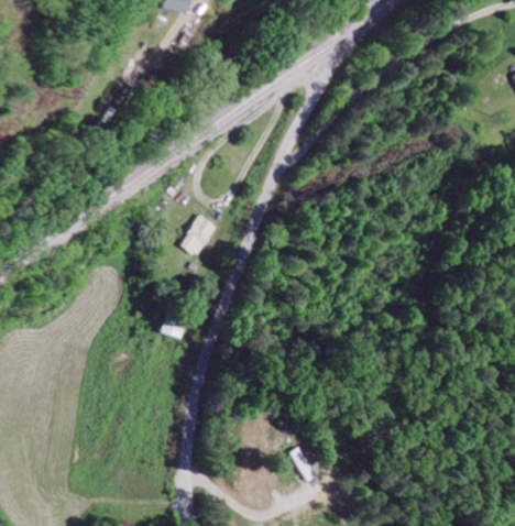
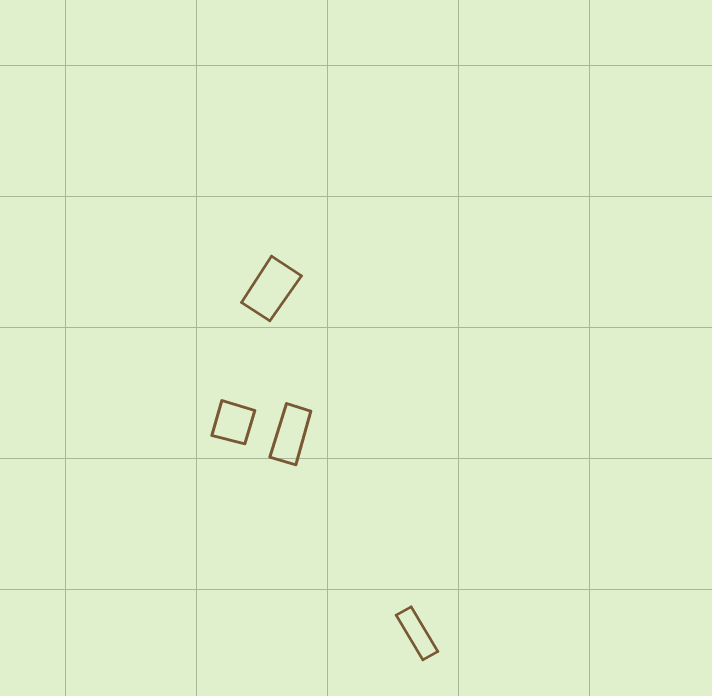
building: none -> [270,403,311,465]

